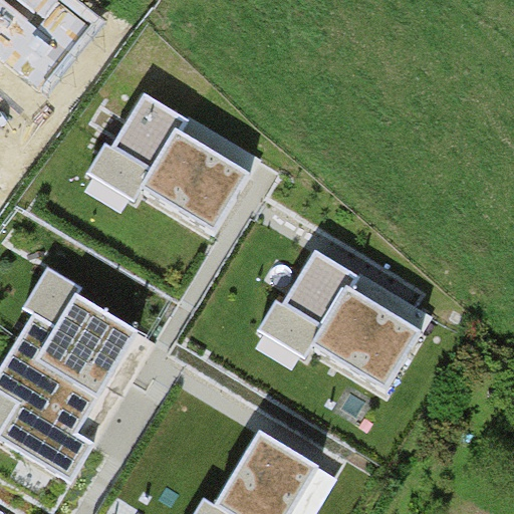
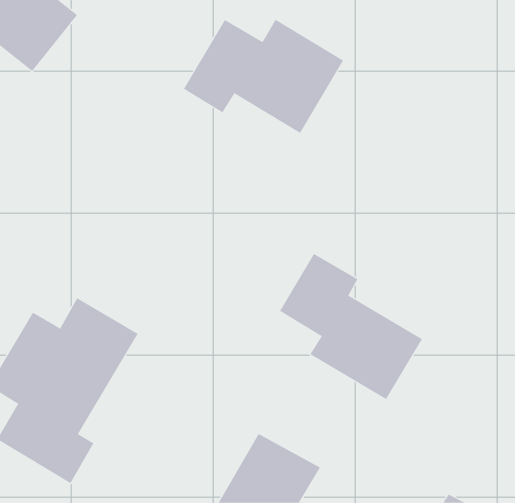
building: none -> [183,19,344,134]
building: [109,90,252,236] -> none

